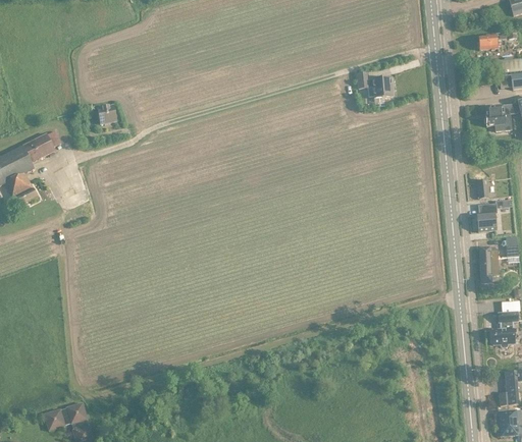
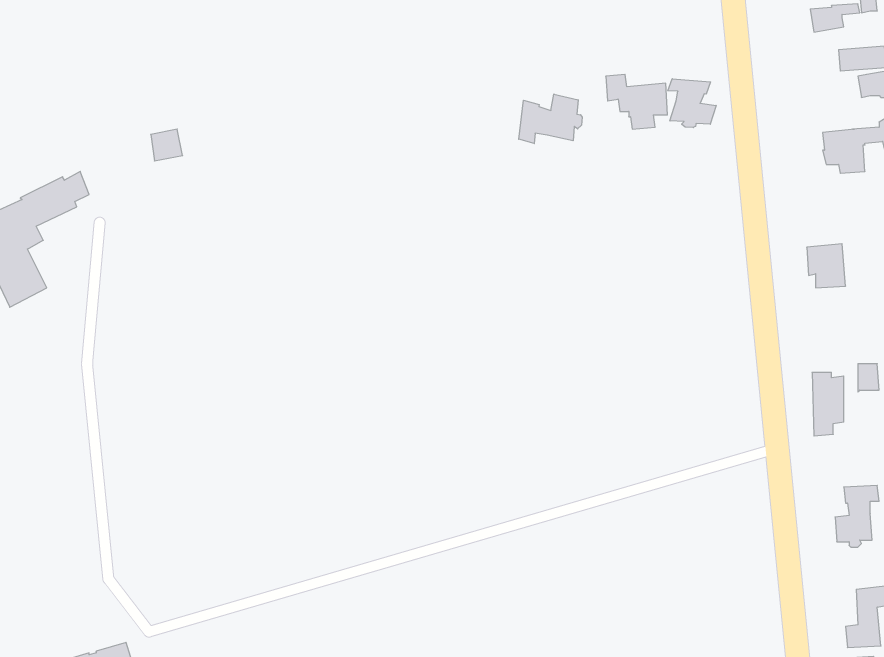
building: none -> [668,79,716,128]
building: none -> [519,94,582,144]
building: [476,203,497,230] -> none

